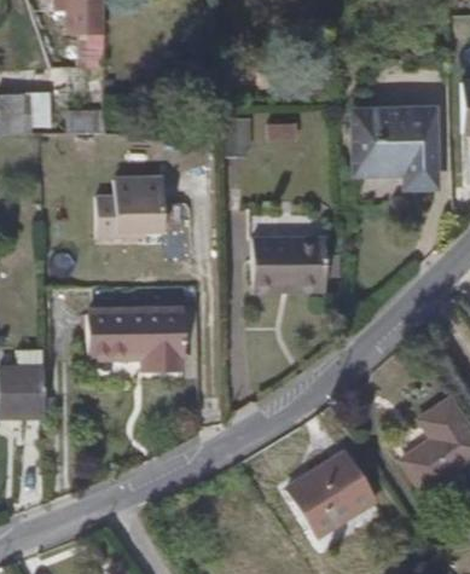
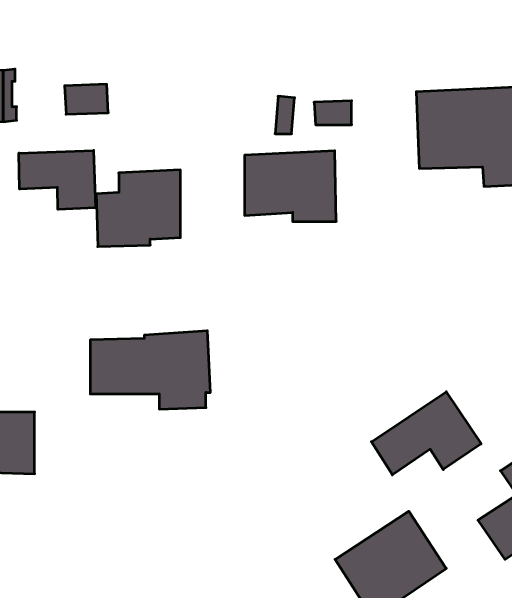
building: none -> [19,150,96,209]
building: [250,231,324,288] -> [245,151,336,221]
building: none -> [371,392,481,475]

